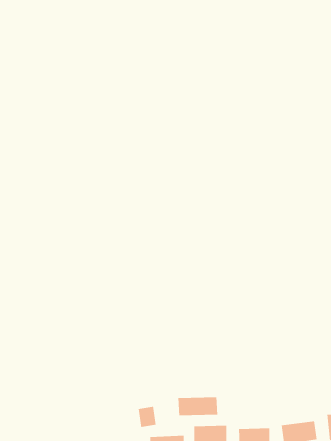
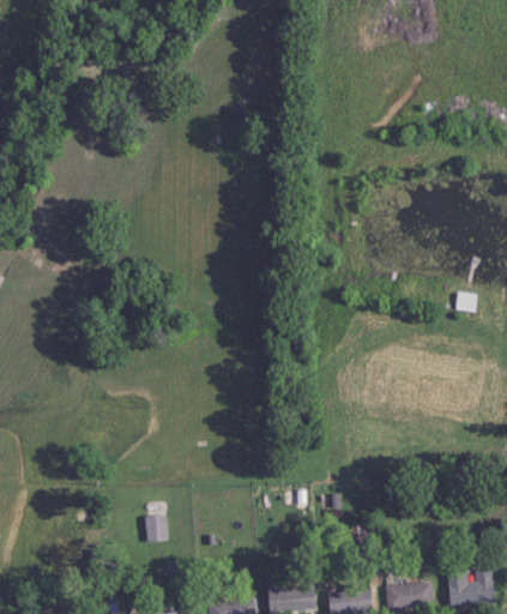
building: [178,396,218,416] -> none
building: [138,406,157,428] -> [144,512,169,541]

